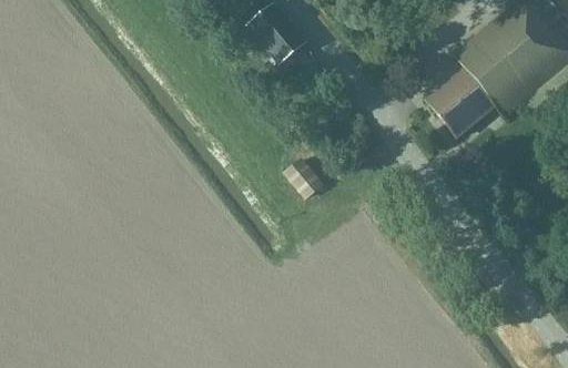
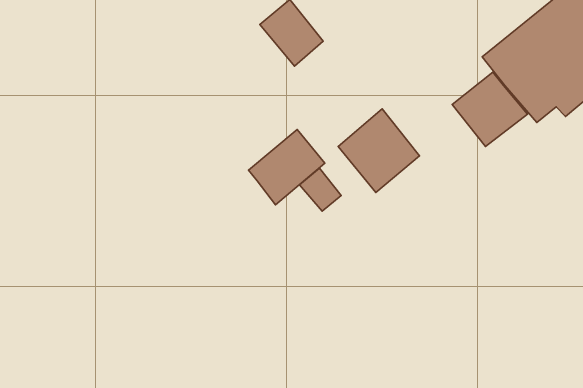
building: none -> [338,109,420,192]
building: none -> [248,130,325,205]

